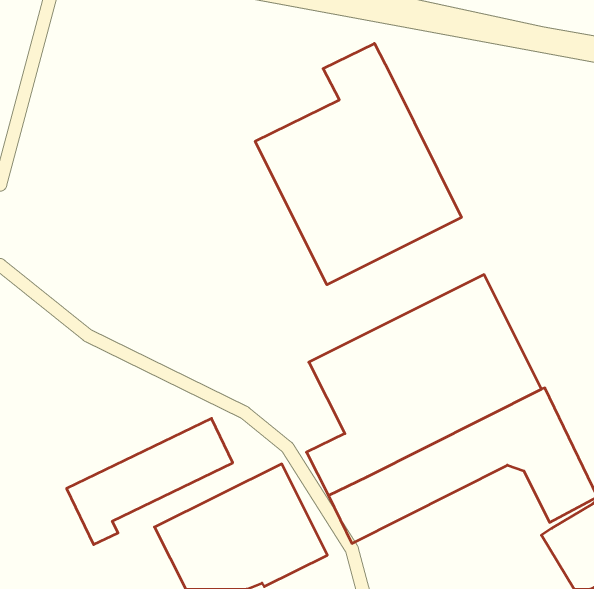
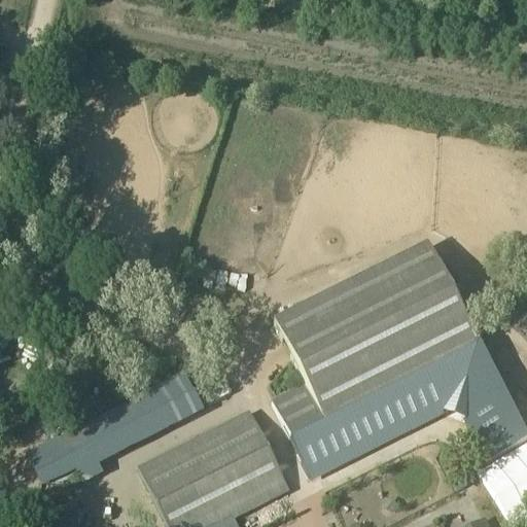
building: [255,43,461,285] -> none

